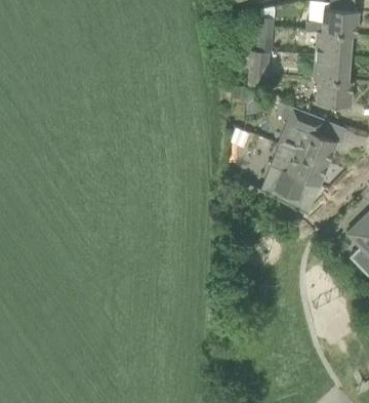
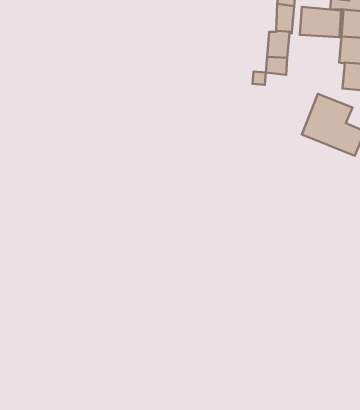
building: none -> [300,7,341,37]
building: [272,145,328,205] -> none

